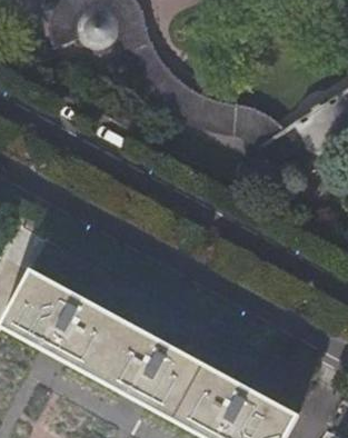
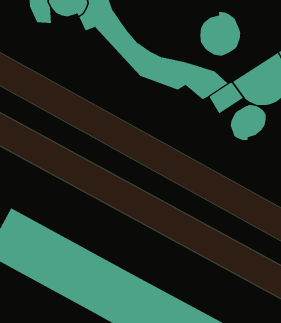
building: none -> [200,11,241,57]
building: none -> [230,104,266,141]

